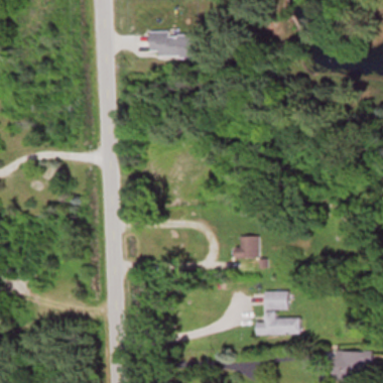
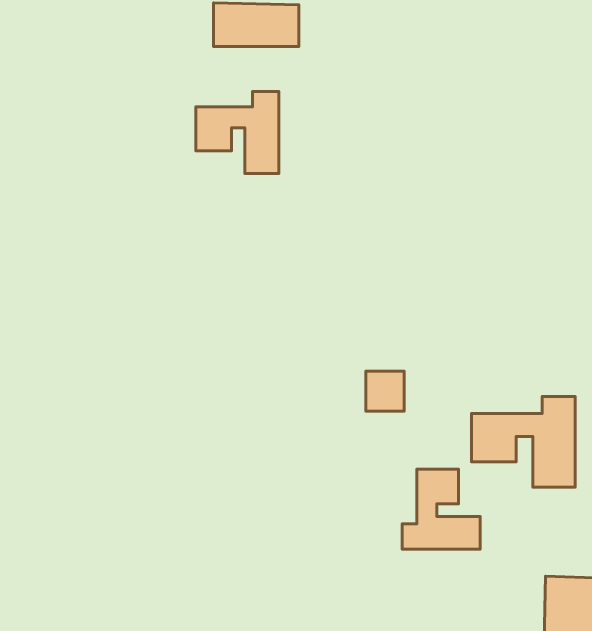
building: none -> [196,92,279,174]
building: none -> [471,397,575,487]

